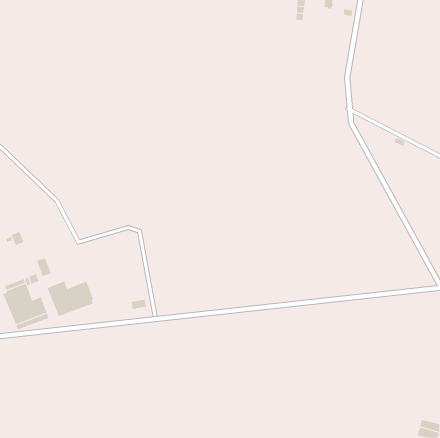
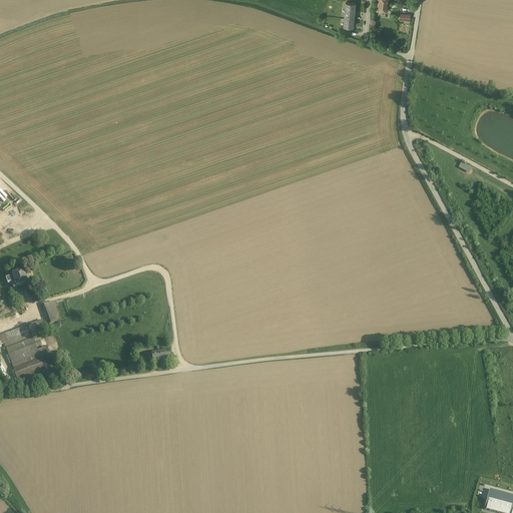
building: [47,280,94,317] -> none

